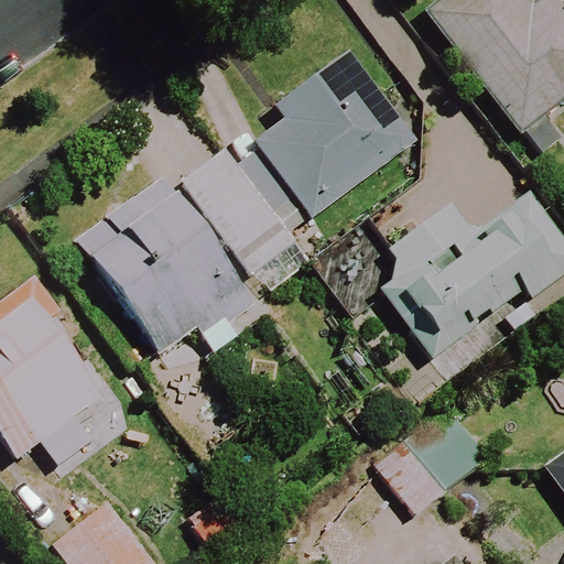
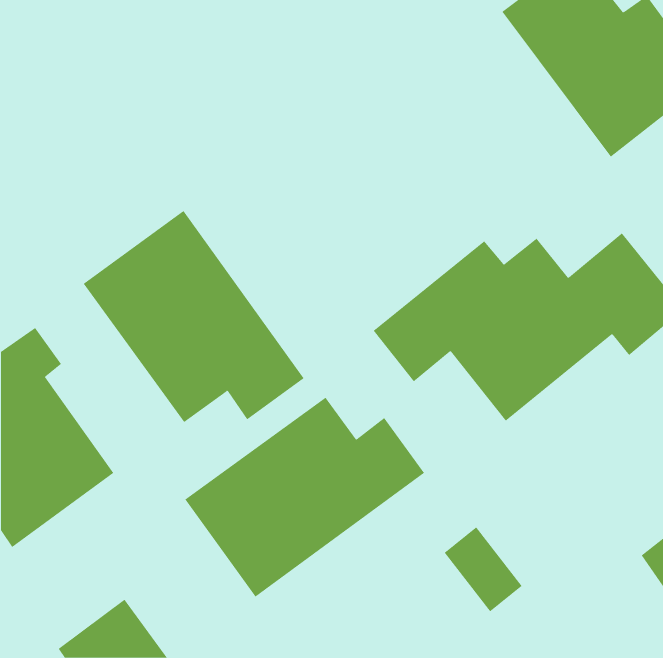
building: [257,52,414,217] -> none
building: [182,142,301,273] -> none
building: none -> [184,397,425,597]

